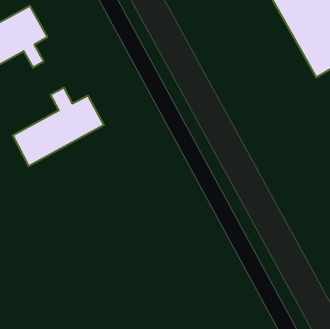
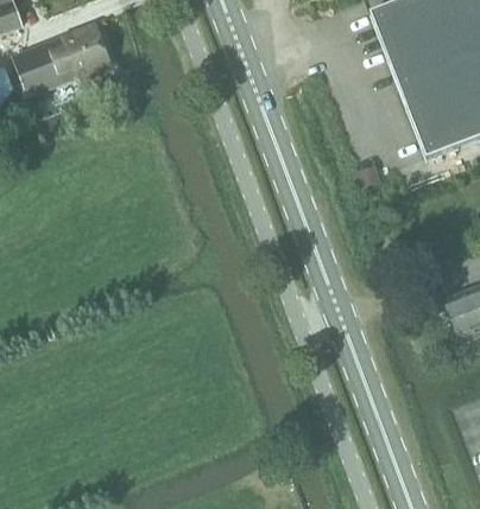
building: [13,88,104,166] -> none

